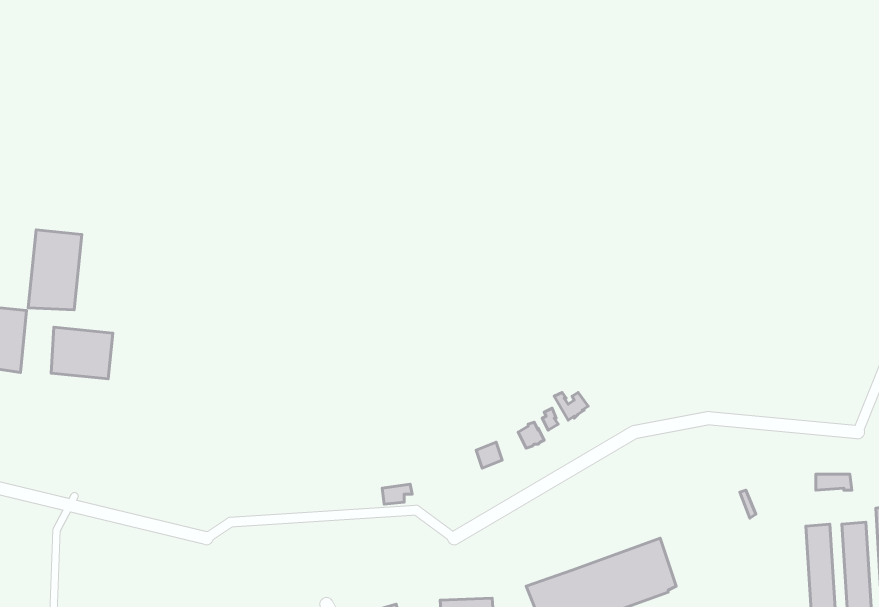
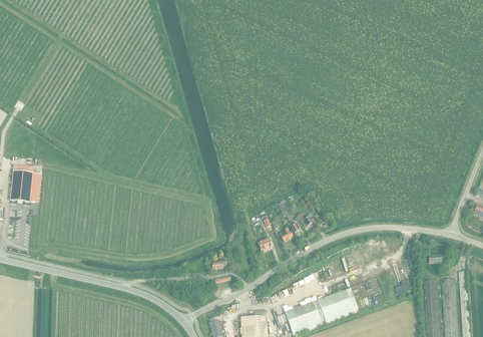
building: [28,230,82,310] -> none
building: [51,327,113,379] -> none

